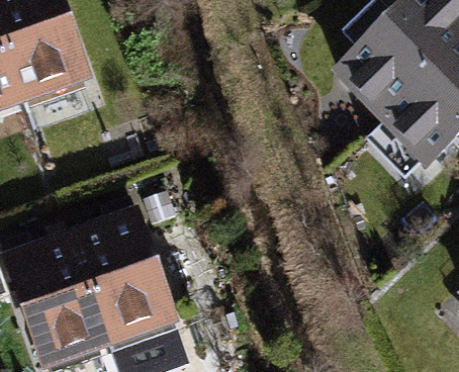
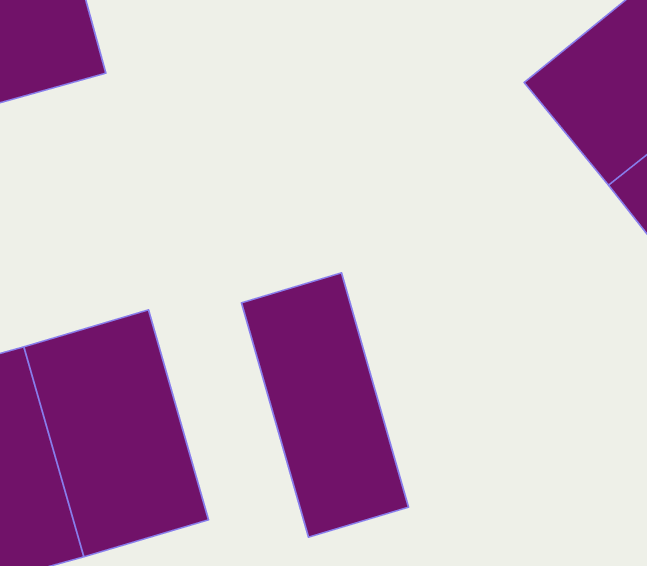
building: none -> [241,273,409,537]

